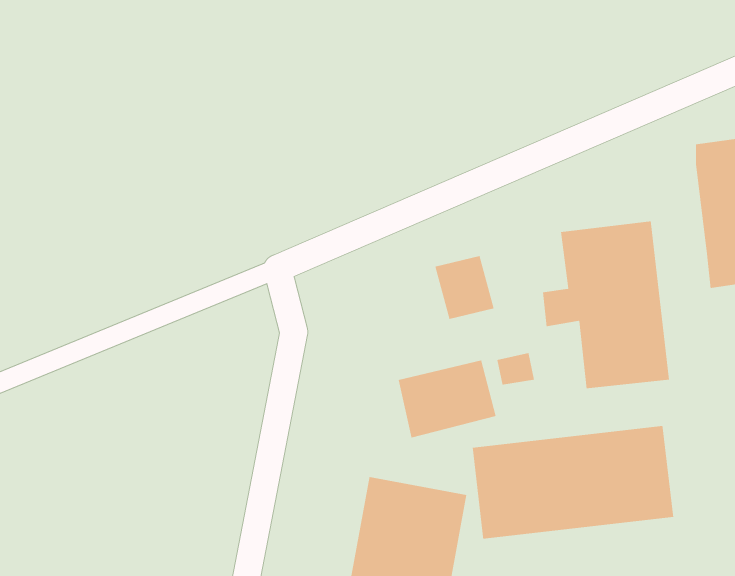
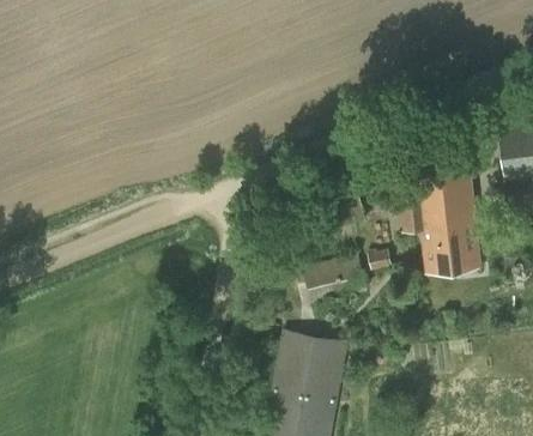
building: [472,425,674,539] -> none

